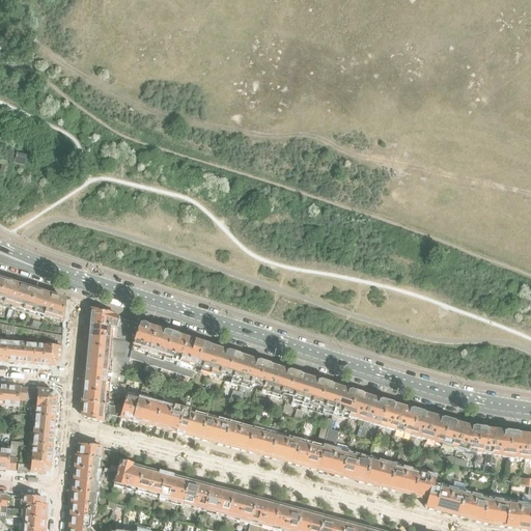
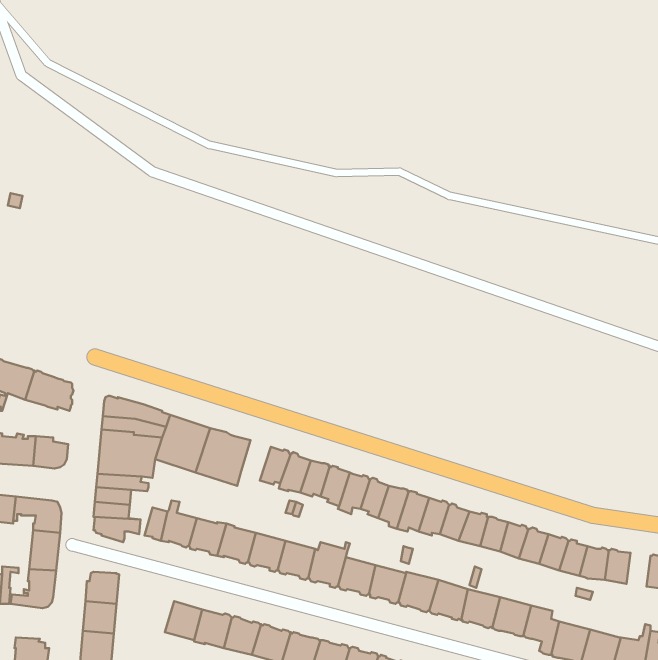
building: [197,341,220,372] -> none
building: [495,428,513,454] -> none
building: [115,458,145,490] -> none

